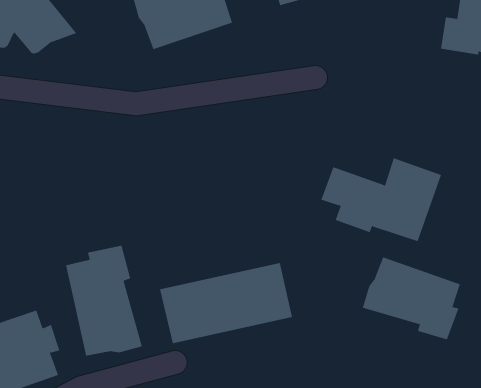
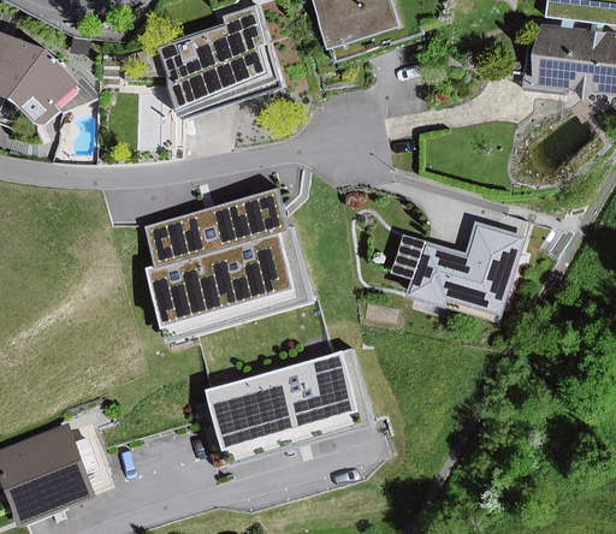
building: none -> [142,188,313,345]
building: [66,245,142,357] -> none
building: [362,256,461,340] -> none

